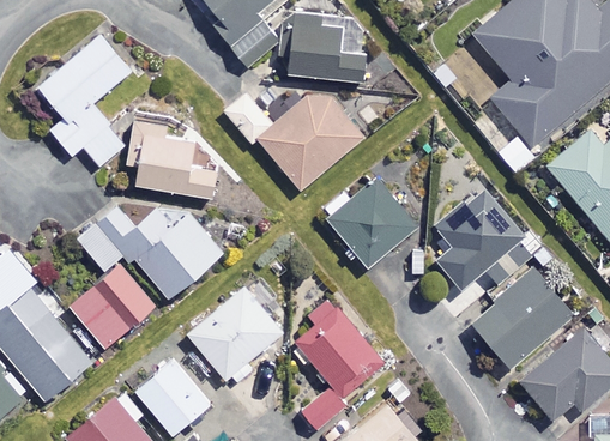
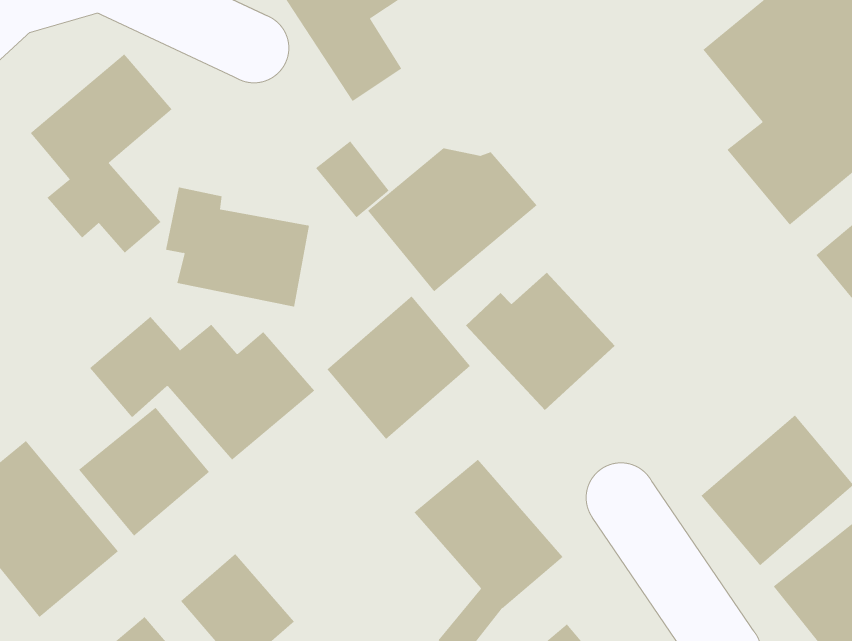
building: [290,26,367,83] -> none
building: [439,191,533,286] -> none
building: [188,286,282,380] -> [326,296,471,440]

